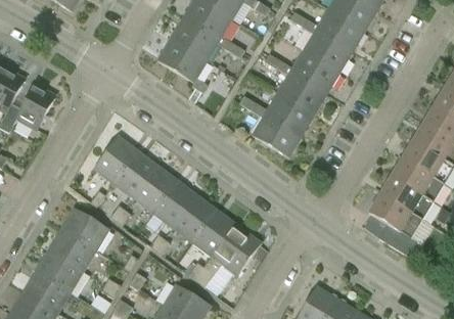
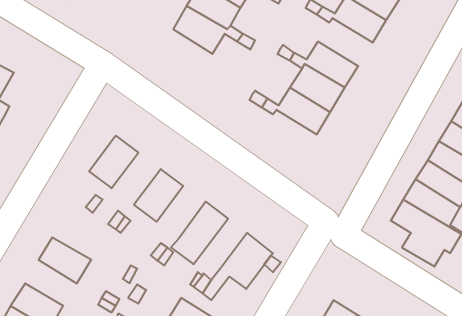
building: [302,29,352,73] -> none
building: [156,39,207,93] -> none
building: [16,85,54,129] -> none
building: [251,112,301,156] -> none
building: [114,151,158,199] -> none
building: [154,182,199,230] -> none
building: [59,207,108,249] -> none
building: [195,212,237,258] -> none
building: [35,249,82,291] -> none

